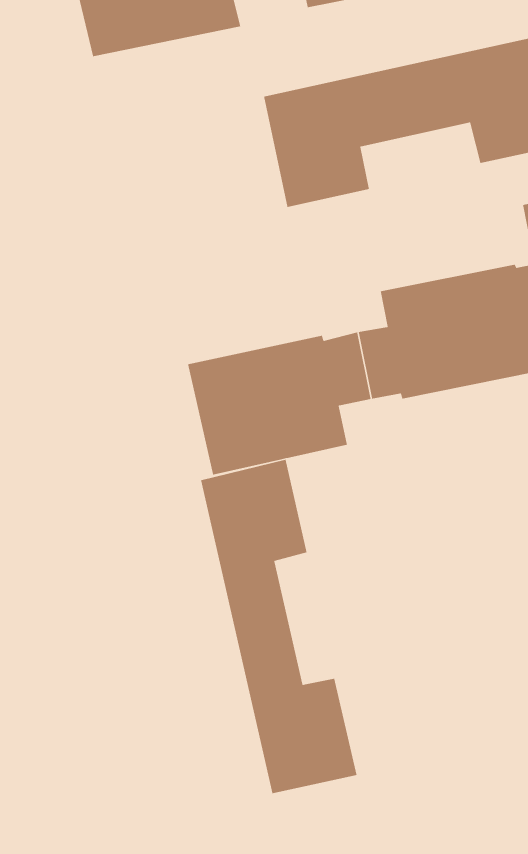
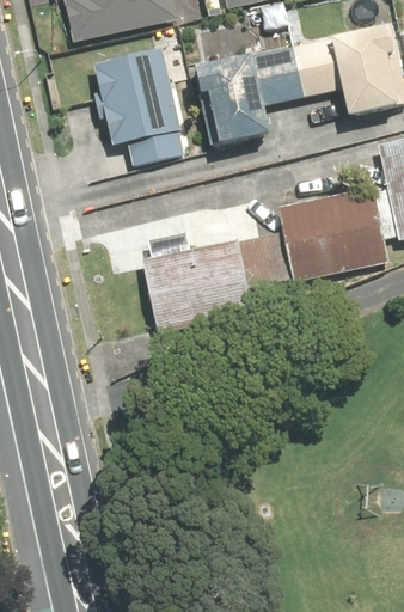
building: none -> [86,48,177,173]
building: [200,459,357,794] -> none

